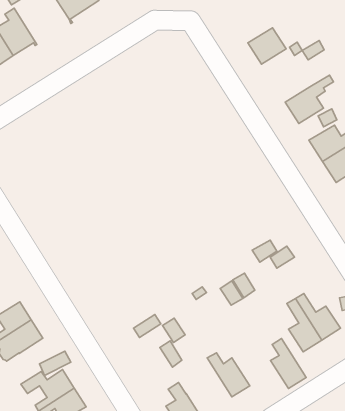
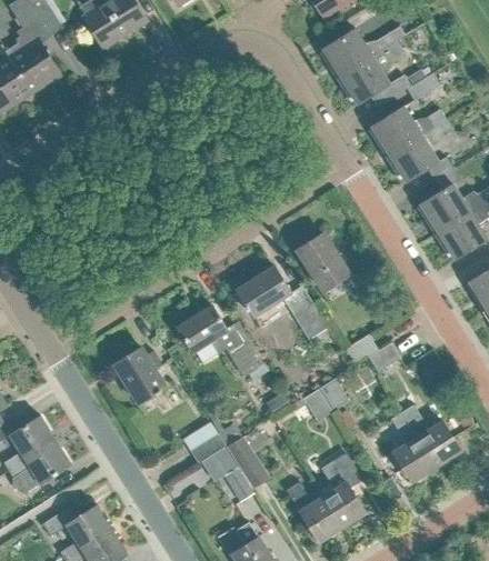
building: none -> [322,29,397,77]
building: none -> [371,107,446,154]
building: none -> [297,233,349,292]
building: none -> [237,267,328,340]
building: none -> [177,305,262,375]
building: none -> [113,348,164,403]
building: [271,338,306,388] -> [318,461,365,527]

